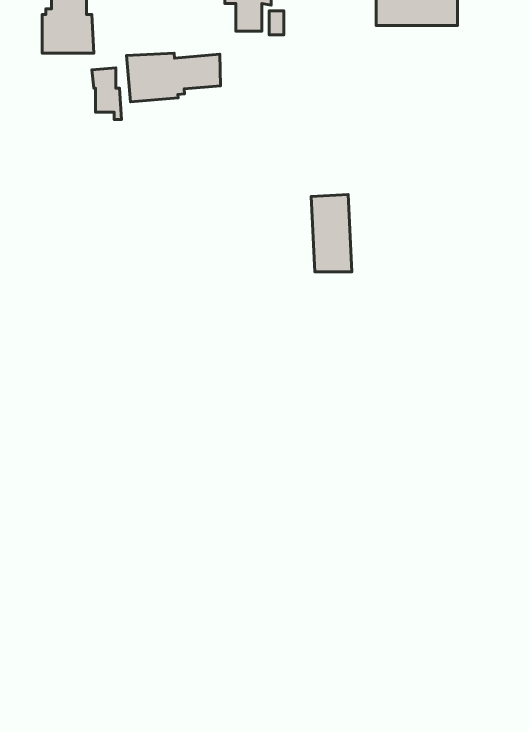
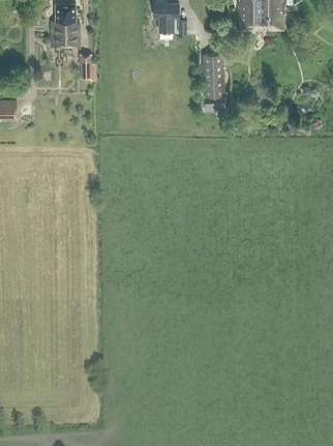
building: [127,53,220,102] -> none
building: [311,195,352,272] -> [202,53,224,96]

